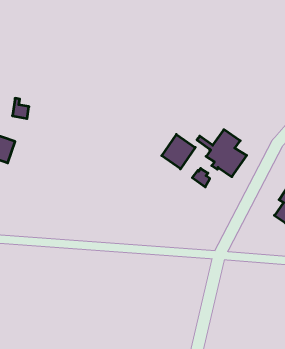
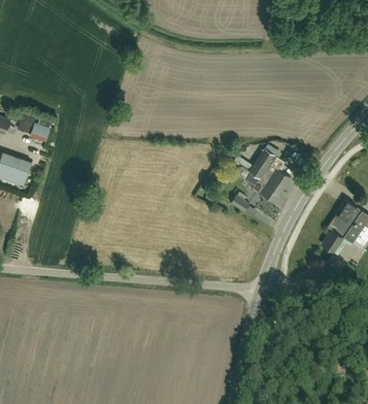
building: [162,134,195,169] -> none

